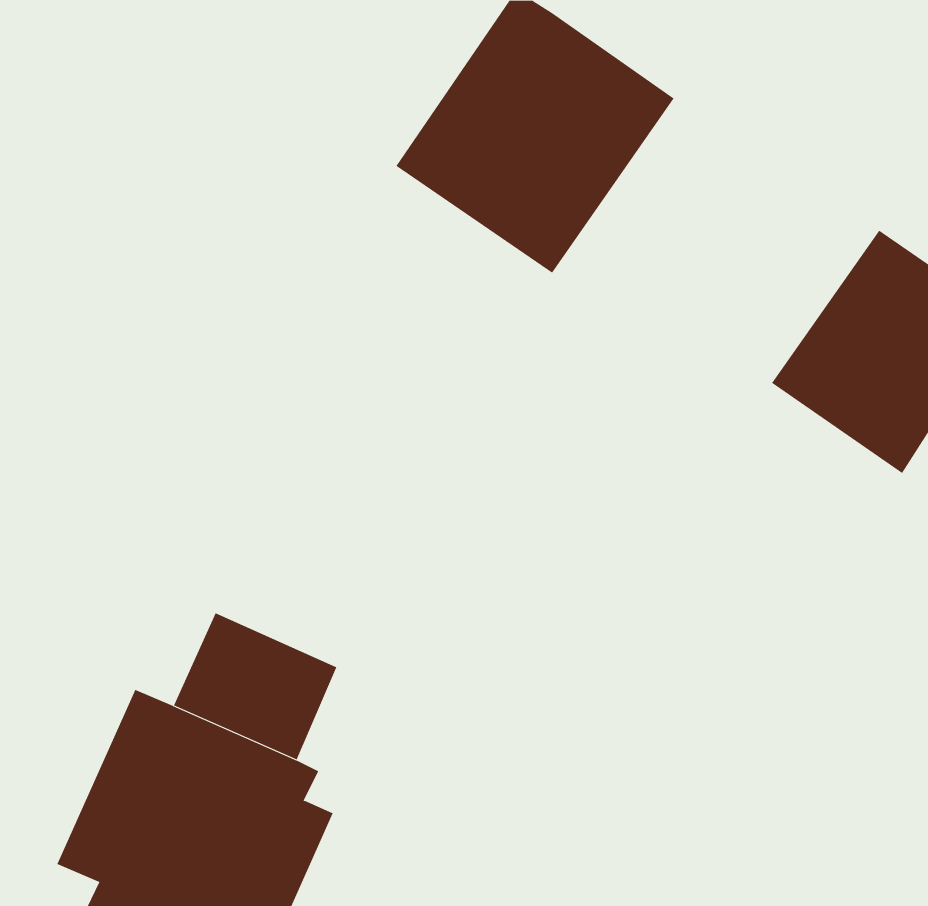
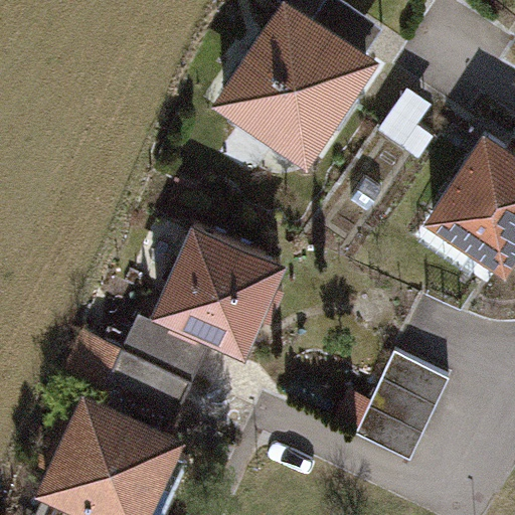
building: none -> [146,225,279,356]
building: none -> [355,353,449,463]

